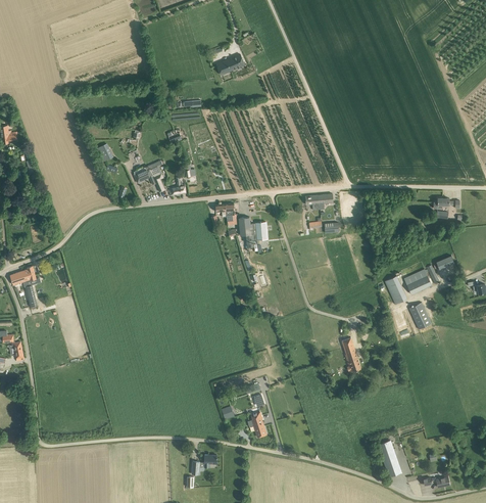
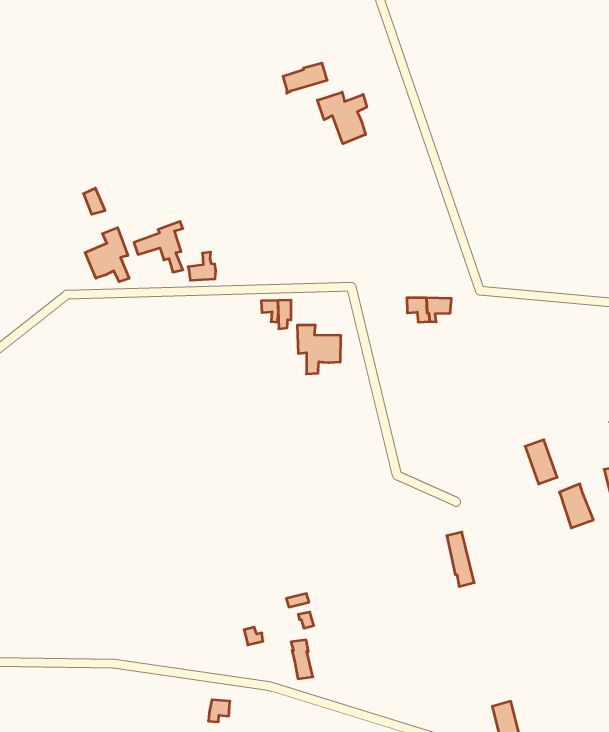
building: none -> [317,92,367,144]
building: none -> [85,228,129,282]
building: [403,269,431,294] -> none

